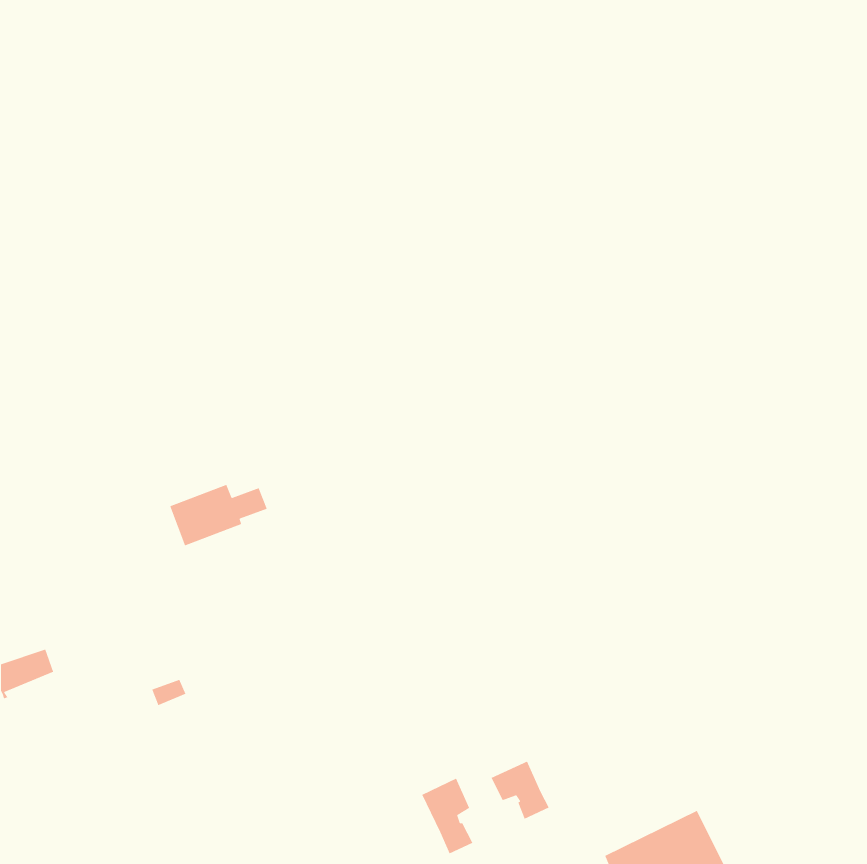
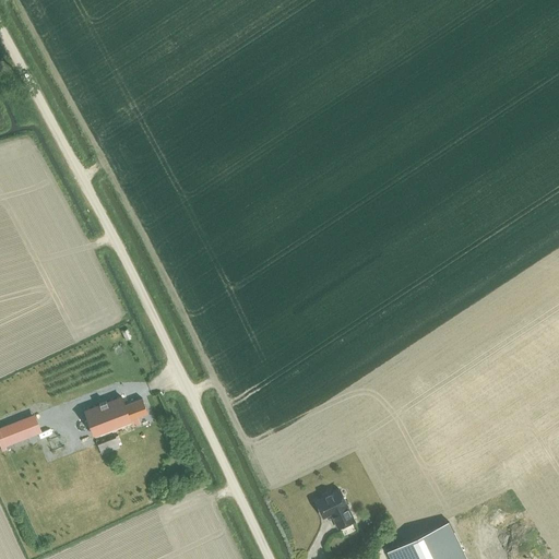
building: [169,484,268,546] -> [84,397,147,438]
building: [421,778,473,854] -> none

